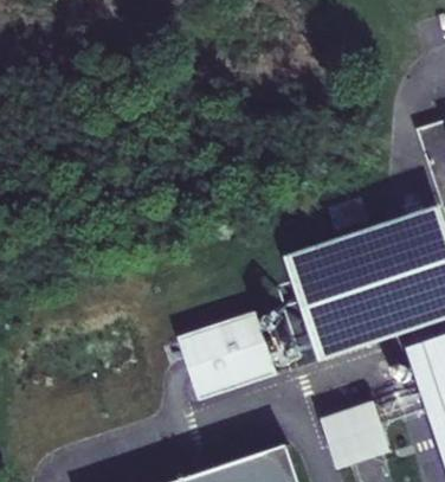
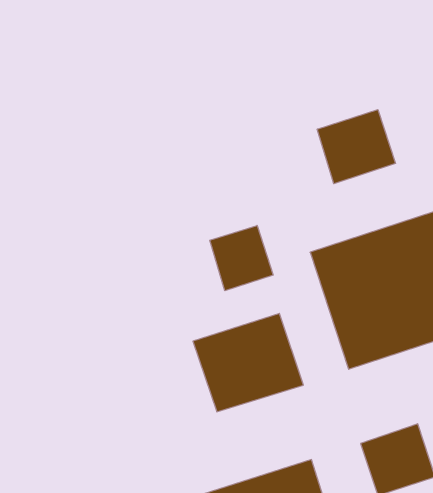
building: none -> [317,110,396,184]
building: none -> [210,225,273,291]

